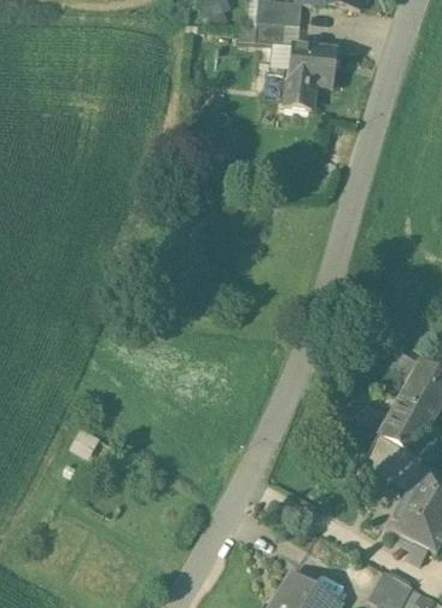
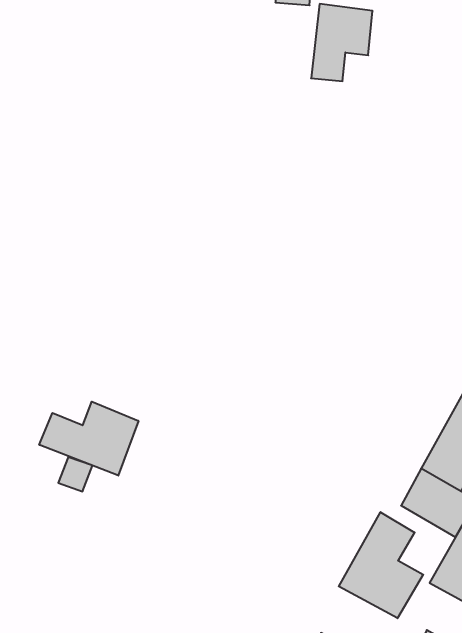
building: none -> [39,402,138,476]
building: none -> [339,512,423,618]

